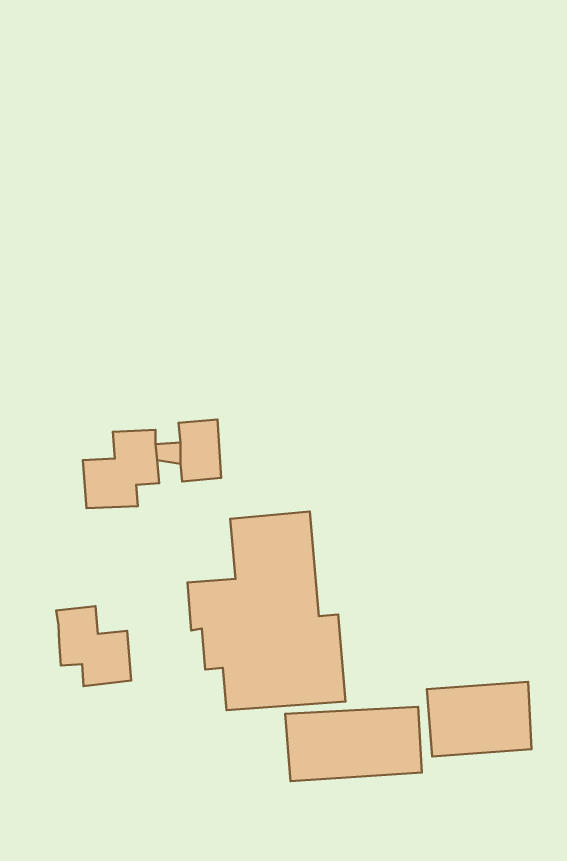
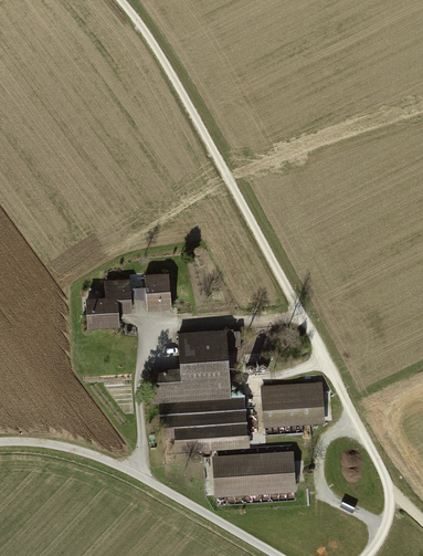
building: [56,606,131,686] -> none
building: [427,682,532,756] -> [260,381,325,428]

